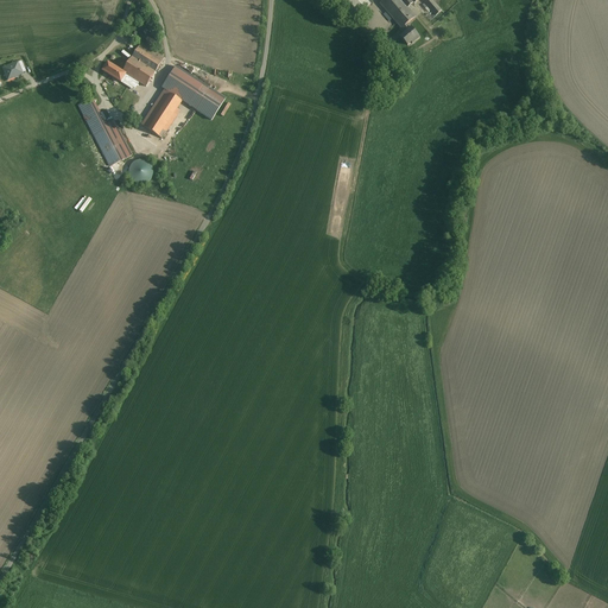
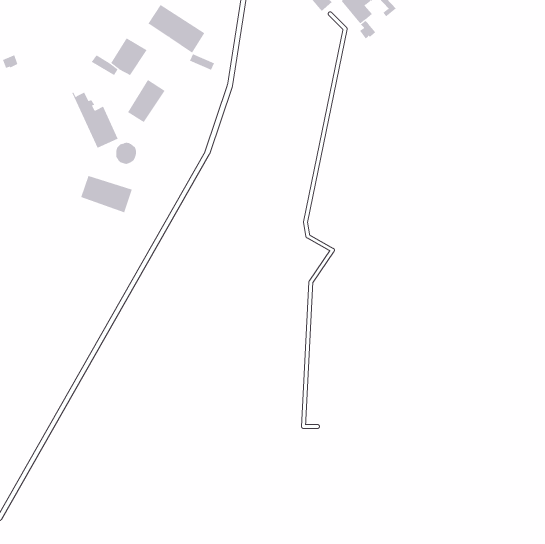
building: [160,64,224,119] -> [147,4,205,53]
building: none -> [80,175,133,213]

